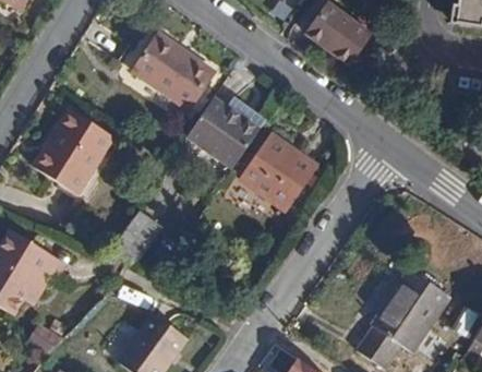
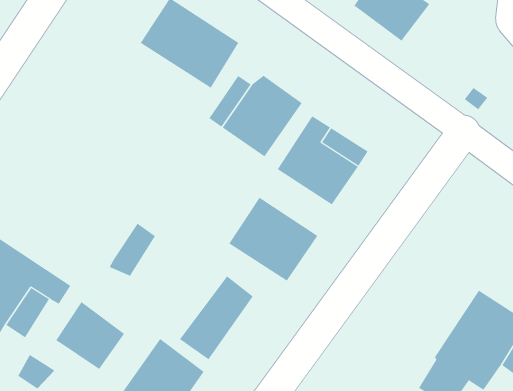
building: [34,106,111,191] -> none
building: none -> [228,197,318,281]
building: none -> [179,275,254,360]
building: none -> [55,301,125,370]

